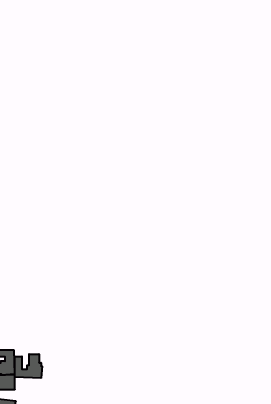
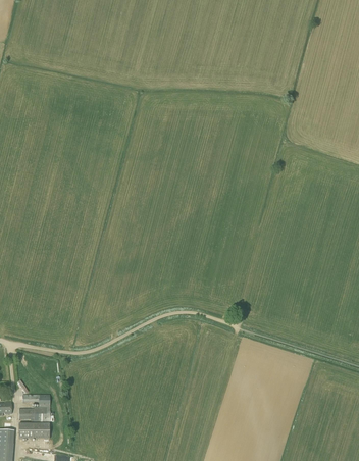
building: [15,354,42,378] -> none

